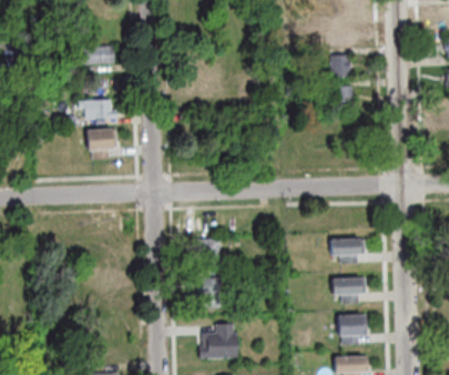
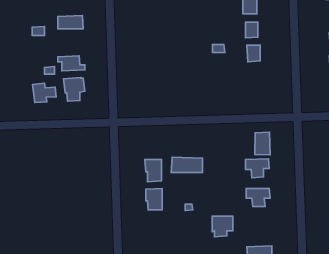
building: none -> [33,83,56,103]
building: none -> [255,132,270,155]
building: none -> [171,157,202,173]
building: [339,315,367,343] -> [212,216,233,237]
building: [200,325,237,358] -> none

